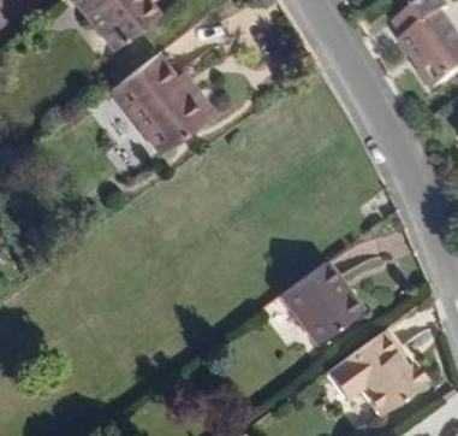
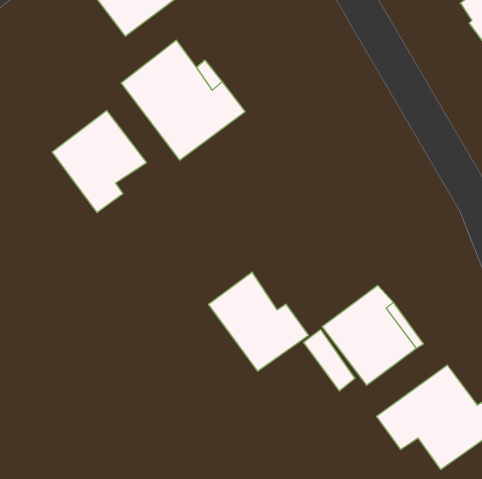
building: none -> [52,111,146,213]
building: none -> [209,272,308,371]

